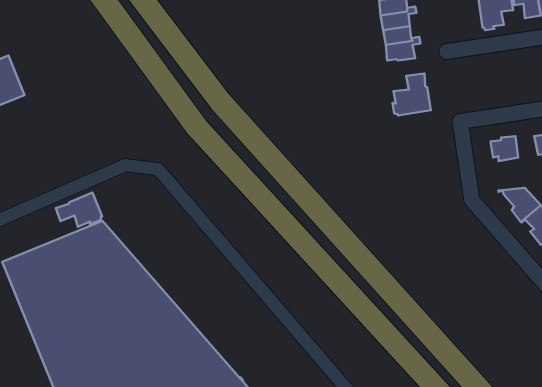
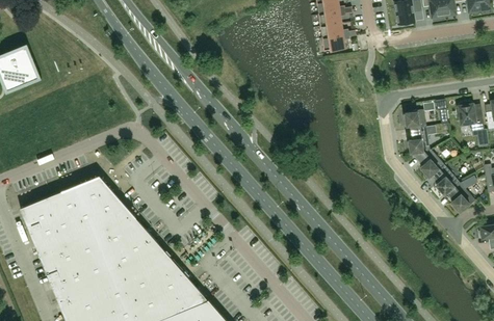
building: [392,73,431,116] -> none
building: none -> [408,127,431,153]
building: [56,193,102,227] -> none

